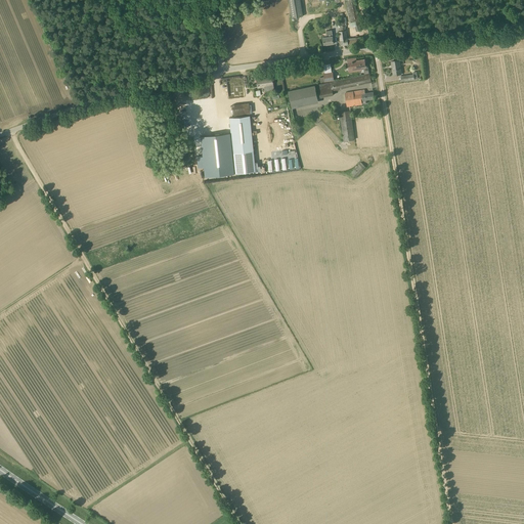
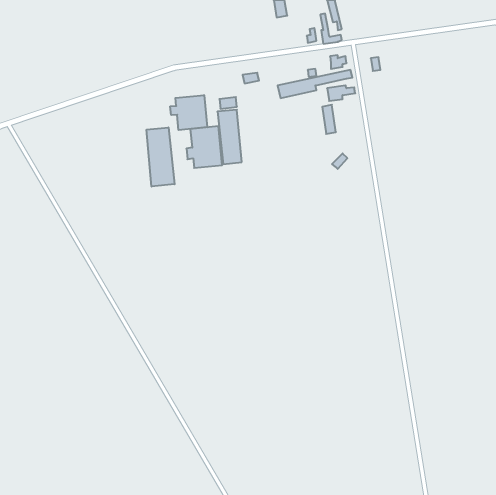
building: none -> [170,95,207,130]
building: none -> [147,127,175,187]

